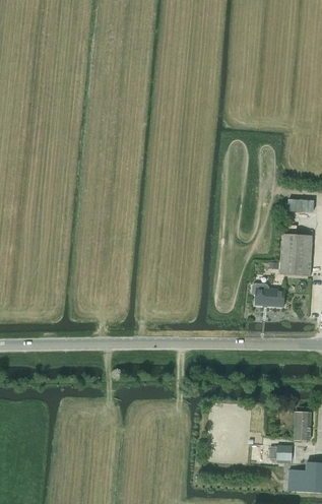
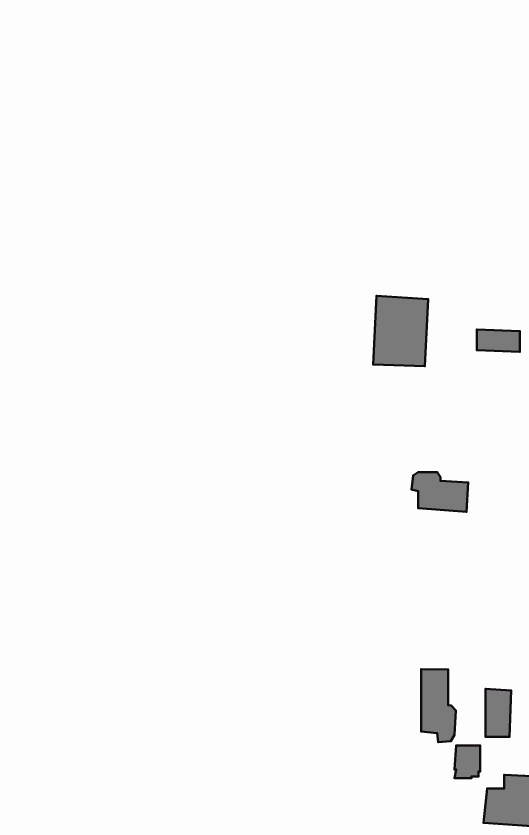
building: [279,234,312,275] -> [373,296,428,366]
building: none -> [421,669,456,742]

